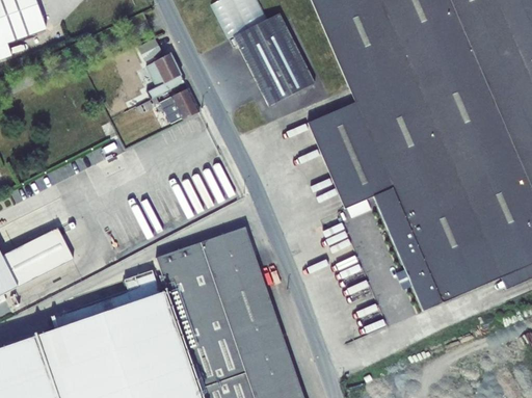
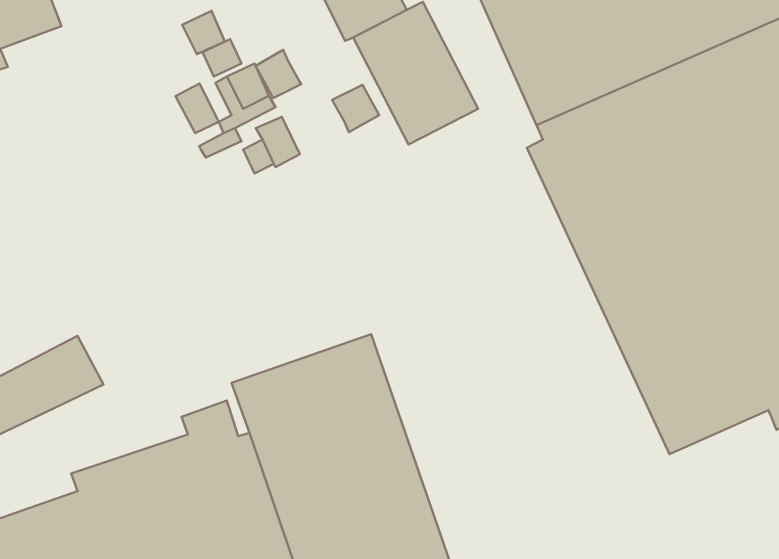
building: none -> [182,11,225,54]
building: none -> [255,50,301,98]
building: none -> [175,83,219,133]
building: none -> [332,85,379,132]
building: [308,108,436,311] -> none

